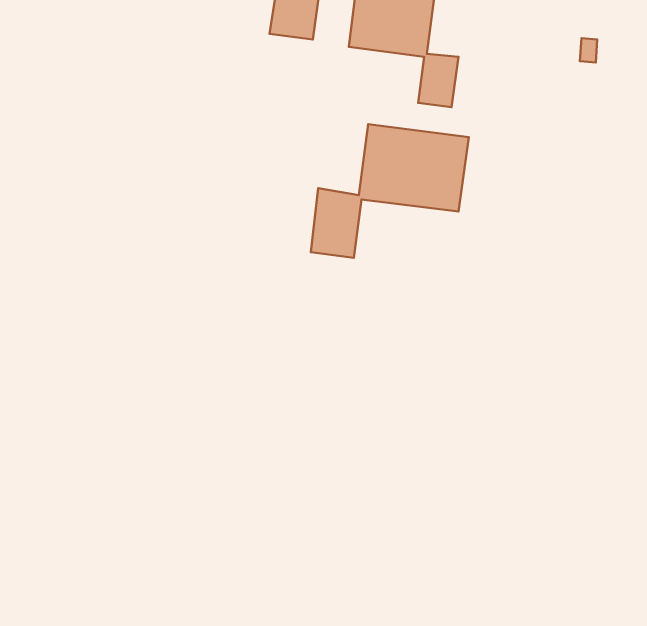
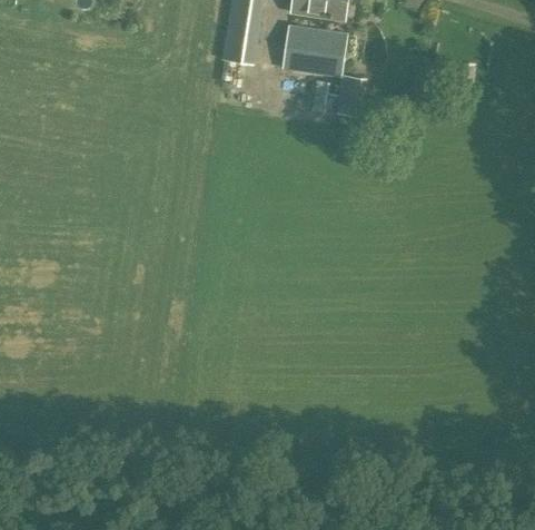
building: [311,124,469,258] -> none

